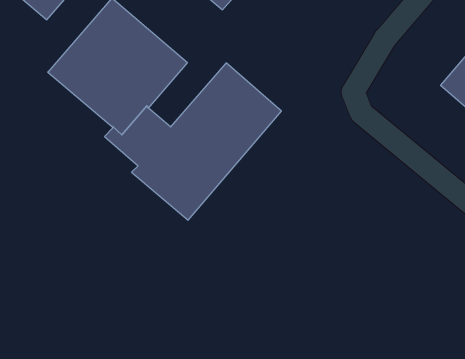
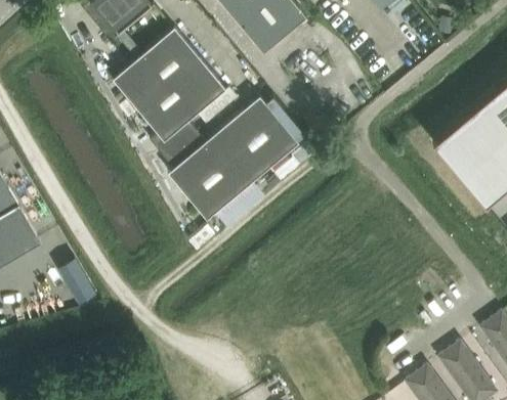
building: none -> [57,258,96,304]

